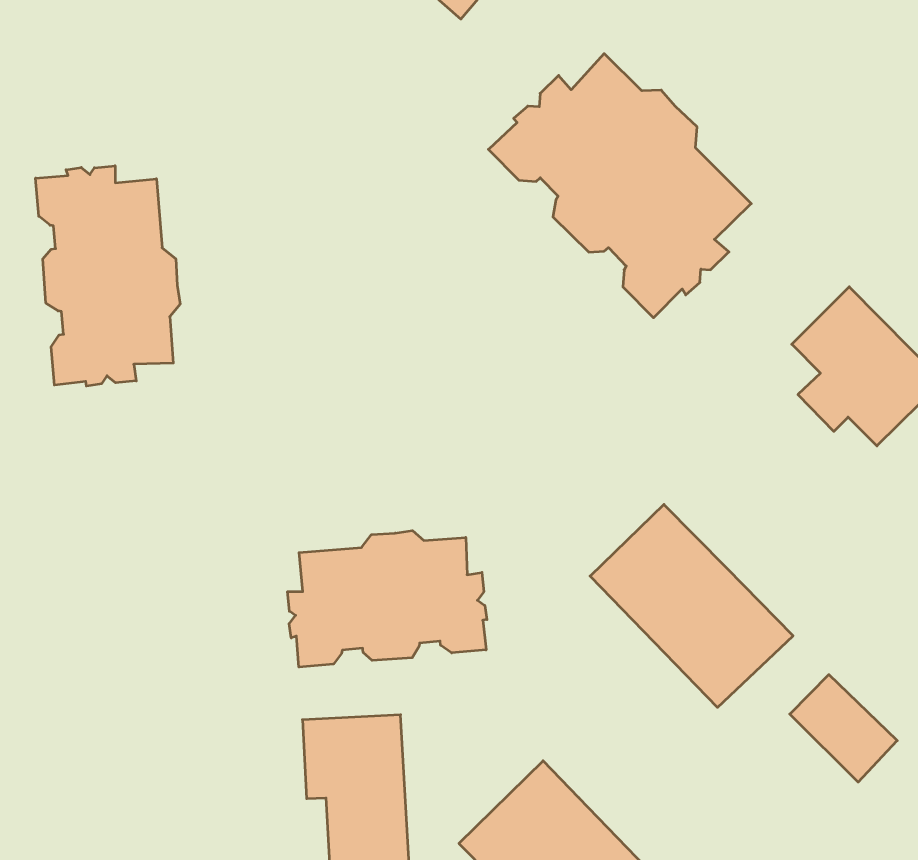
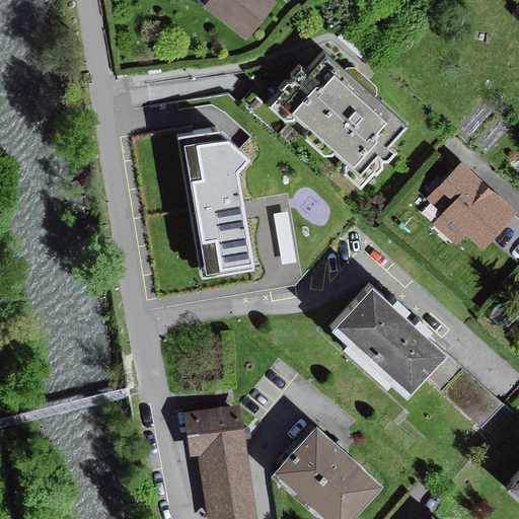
building: [36,166,180,386] -> none
building: none -> [176,130,252,277]
building: [288,531,487,667] -> none

